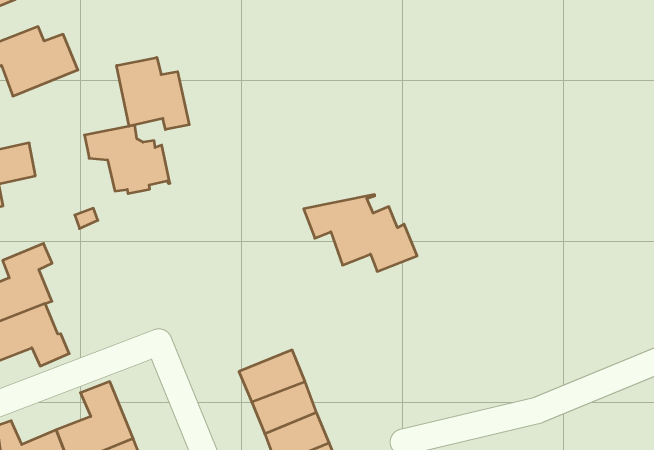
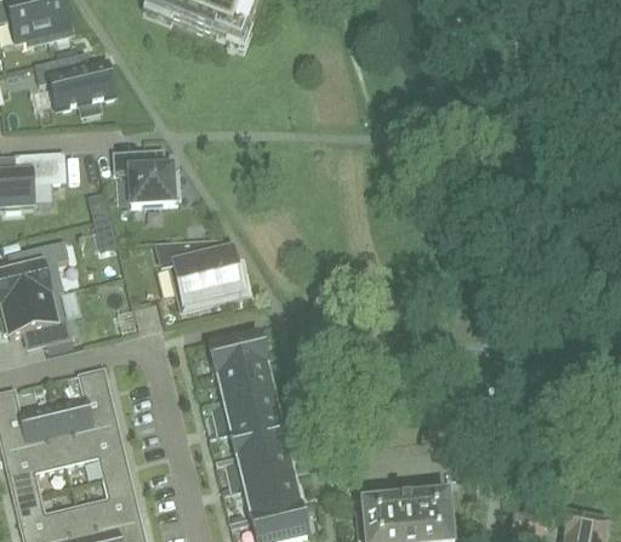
building: [117,57,189,130] -> none
building: [304,195,417,271] -> [155,238,247,304]
building: none -> [209,333,264,375]

